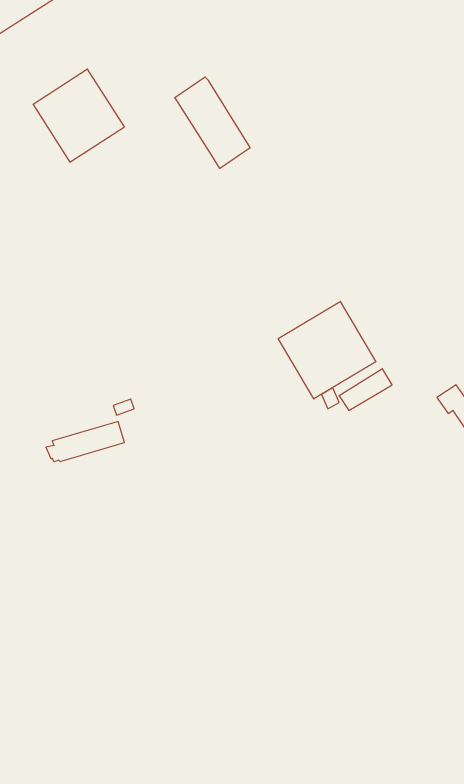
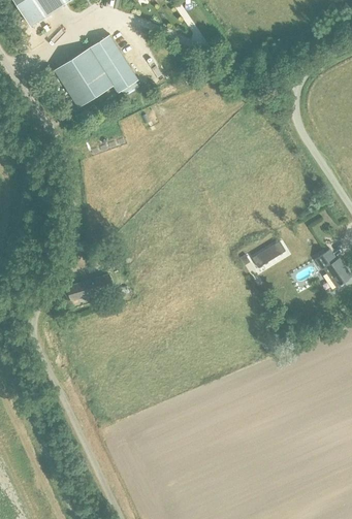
building: [175,77,250,168] -> [90,34,138,93]
building: [278,301,376,399] -> none

